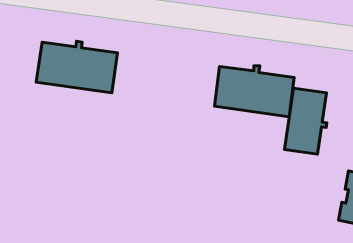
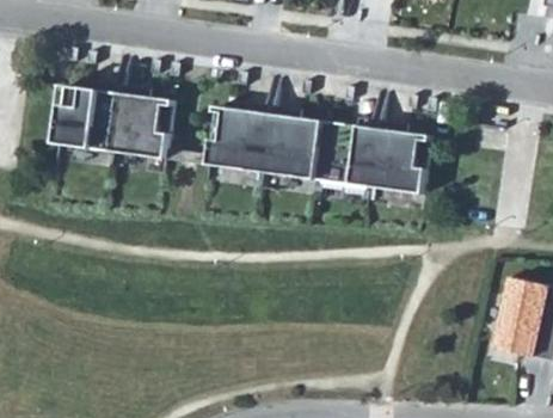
building: none -> [209,106,324,179]
building: [285,88,327,154] -> none

